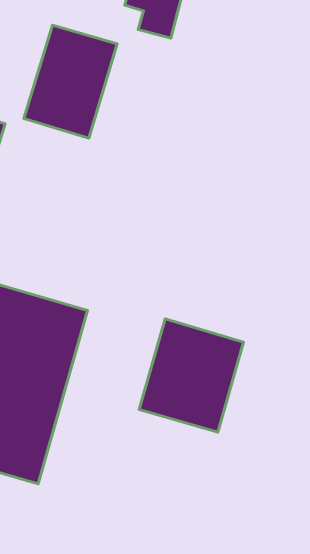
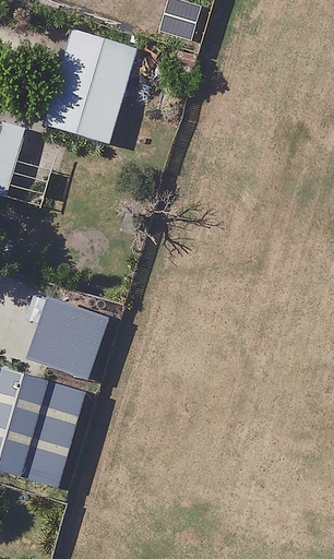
building: [139,319,243,432] -> none

